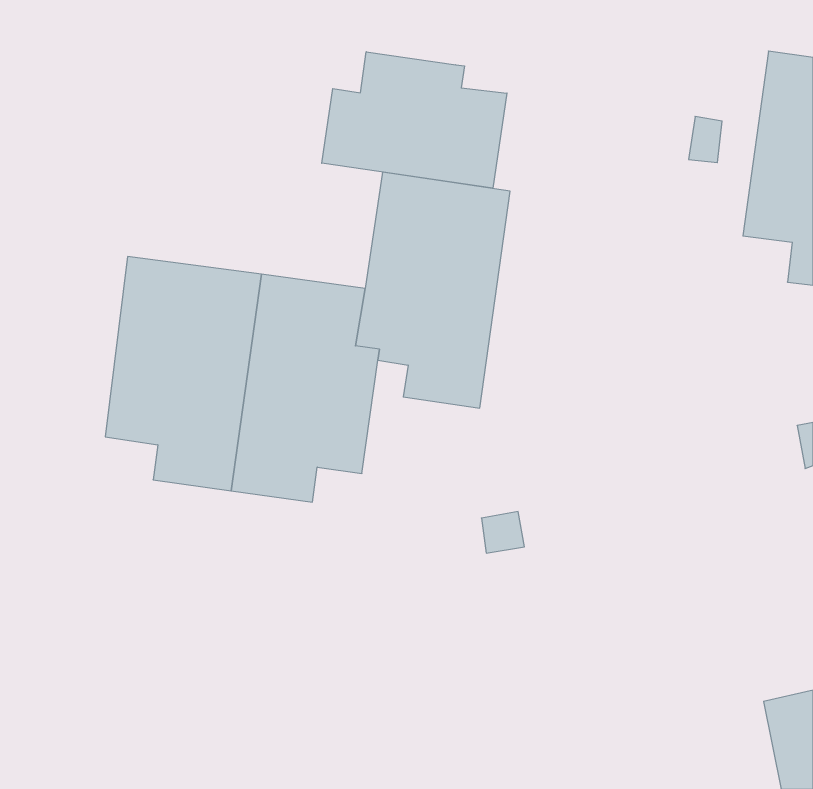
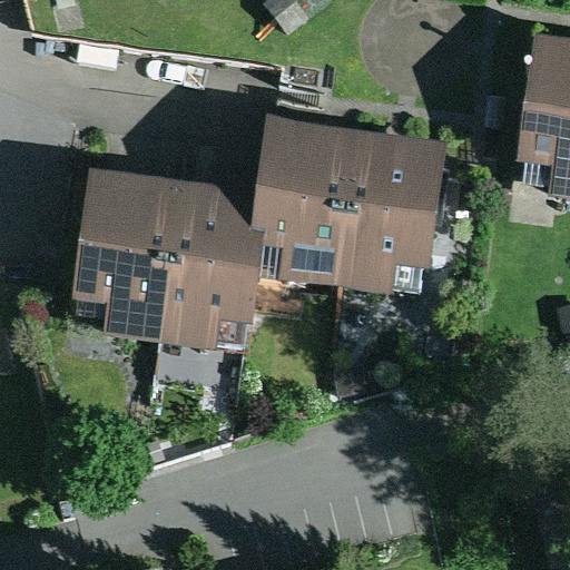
building: [322,52,507,188] -> none
building: none -> [335,134,446,294]

